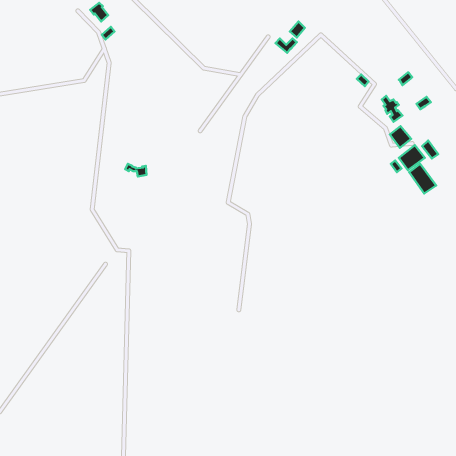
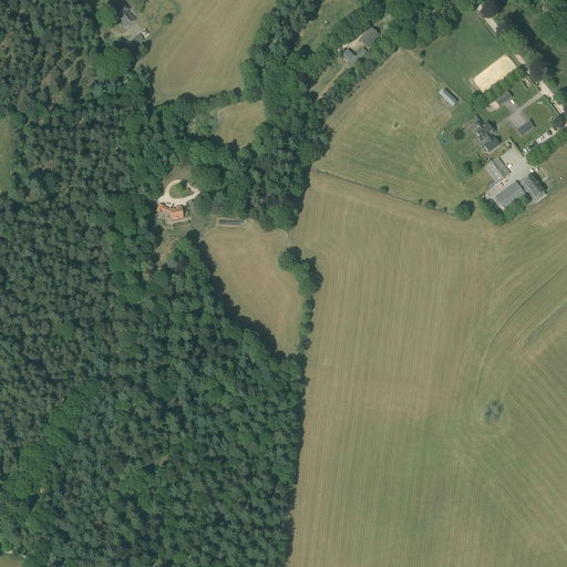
building: [409,164,436,193] -> none

